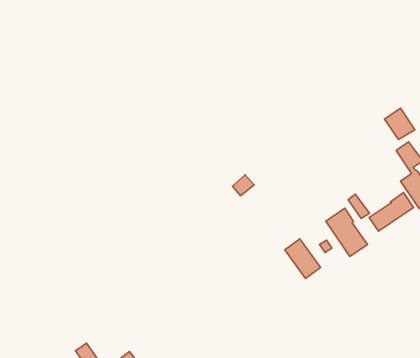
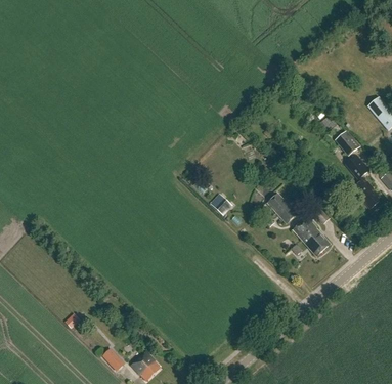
building: [369,192,413,231] -> none
building: [285,239,321,278] -> [266,191,297,223]

